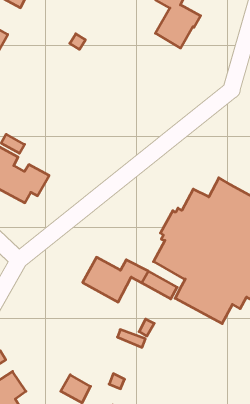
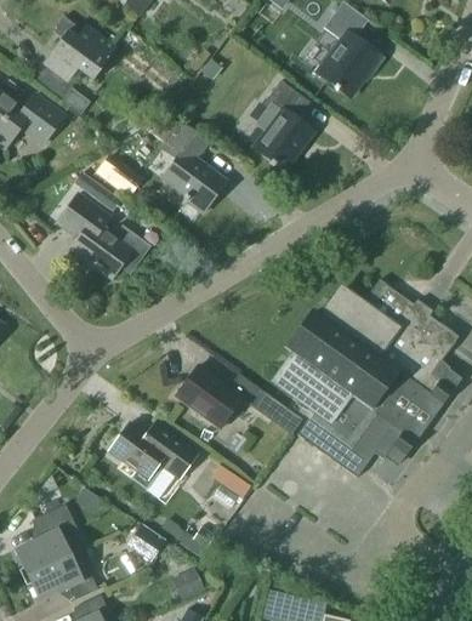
building: none -> [252,81,313,171]
building: none -> [161,123,226,212]
building: none -> [109,423,197,489]

